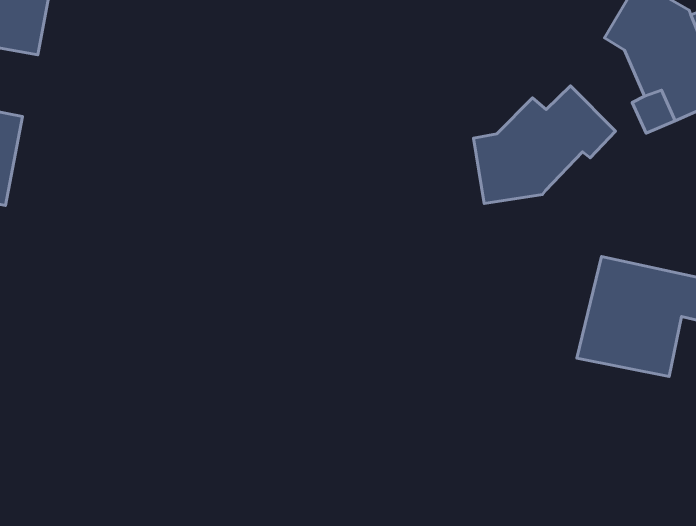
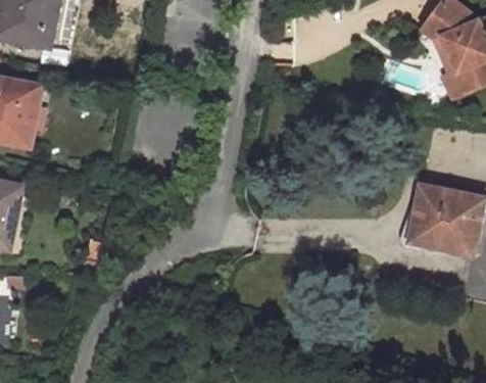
building: [473,86,616,204] -> none

